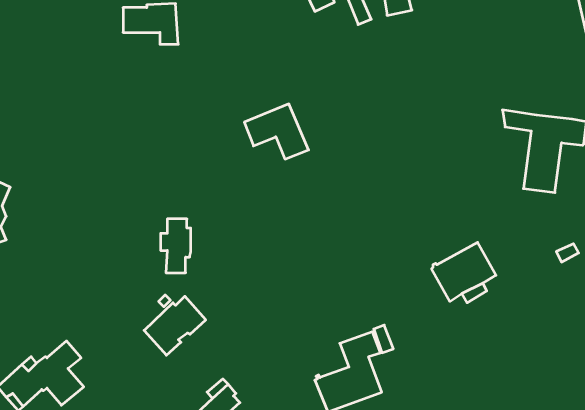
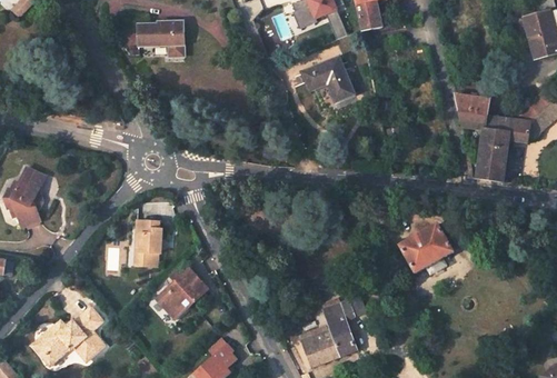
building: none -> [454,93,489,116]
building: [244,104,309,159] -> [300,56,355,102]
building: [161,219,191,273] -> [132,221,158,267]

